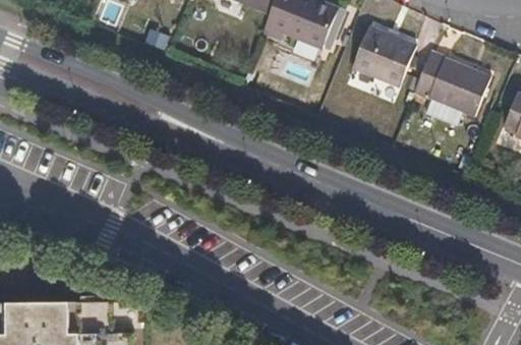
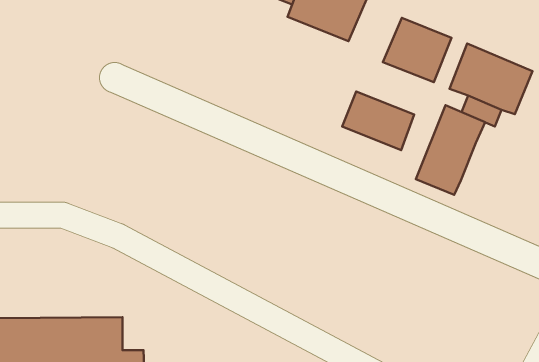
building: none -> [342,92,414,150]
building: none -> [416,105,485,195]

